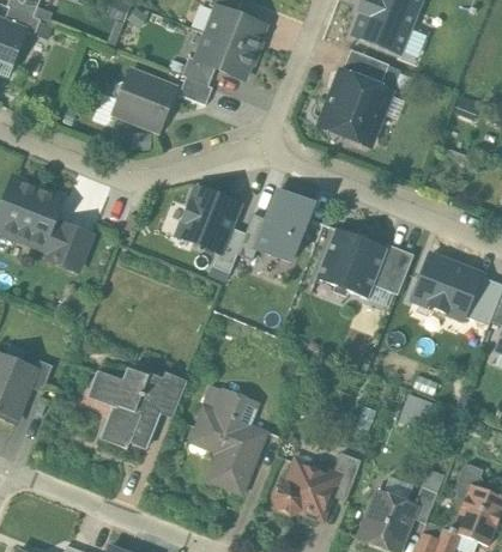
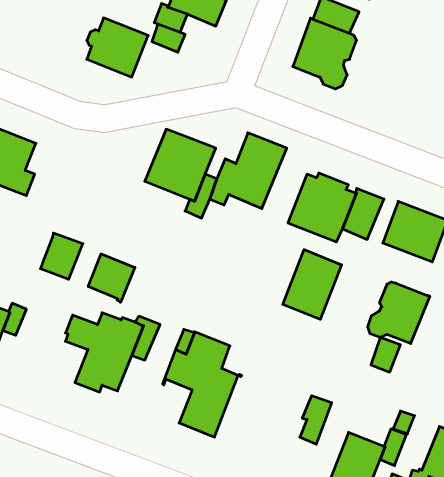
building: [48,224,91,271] -> [40,233,83,279]
building: none -> [283,250,342,319]
building: none -> [88,254,135,302]
building: none -> [368,282,430,344]
building: [273,462,335,516] -> none

